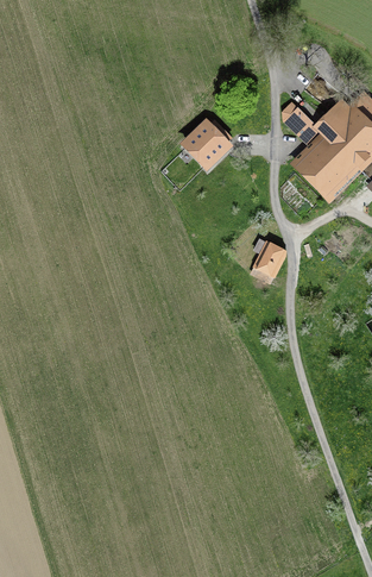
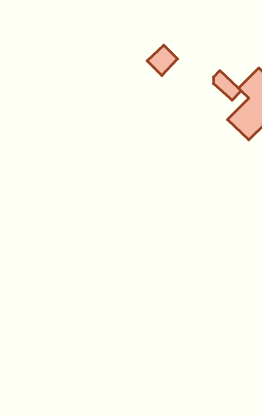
building: [184,124,223,163] -> [147,45,178,76]
building: [250,244,279,280] -> none

